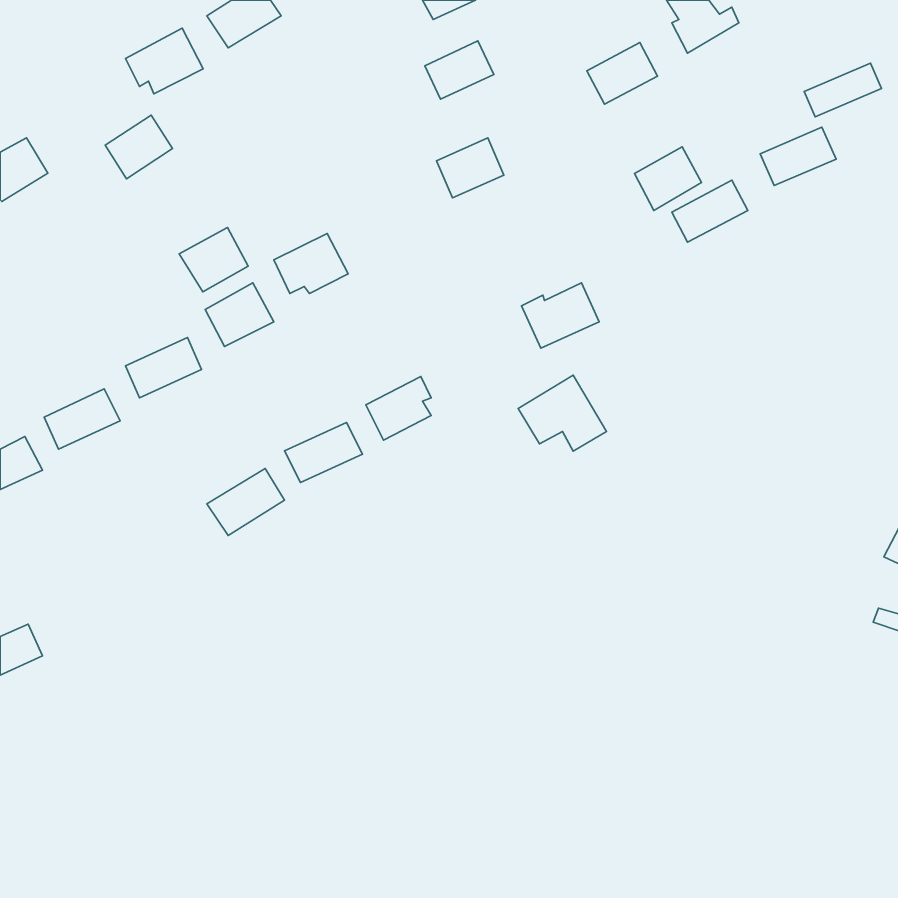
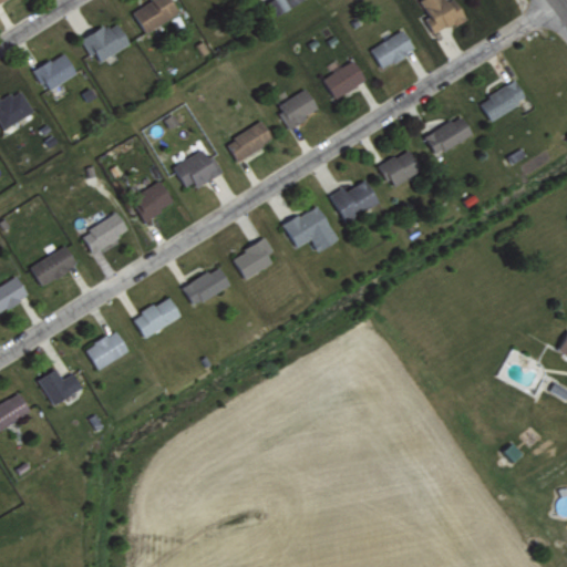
building: [425,41,494,99] -> [323,62,367,99]
building: [804,63,881,117] -> none
building: [105,115,172,179] -> [35,52,78,92]
building: [634,147,702,211] -> [380,148,422,188]
building: none -> [226,122,274,161]
building: [179,227,248,292] -> none
building: [518,375,607,451] -> [284,205,339,252]
building: none -> [85,330,130,371]
building: none -> [38,369,83,406]

